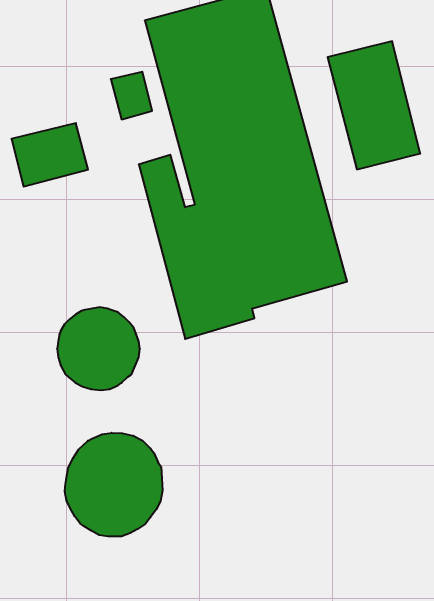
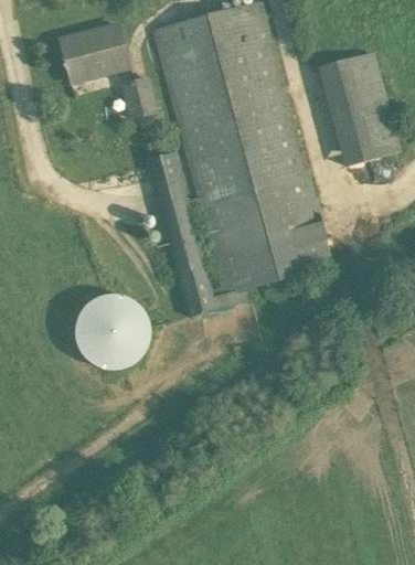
building: [11,123,88,187] -> [61,26,130,84]
building: [65,433,163,536] -> none

